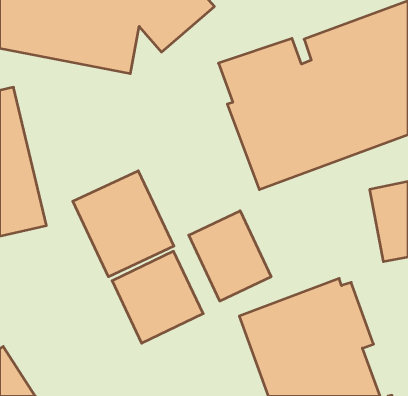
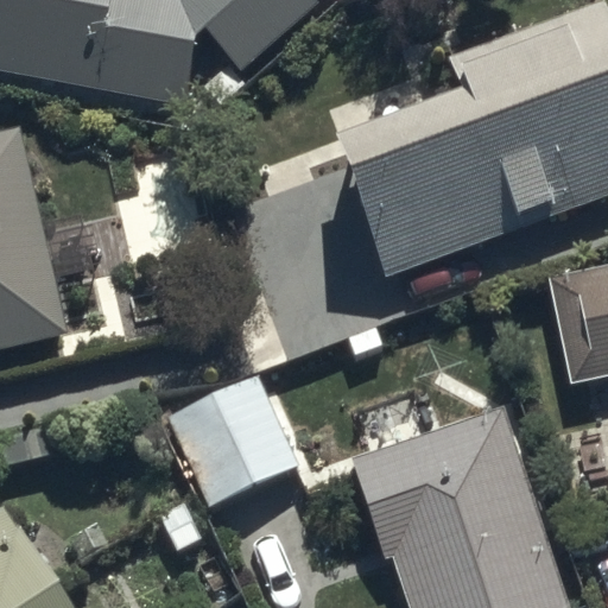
building: [73,171,174,277] -> none
building: [189,211,271,301] -> none

